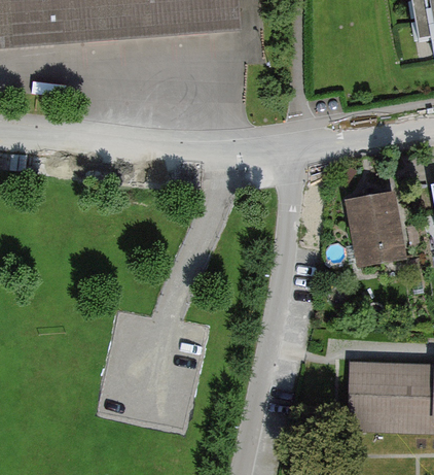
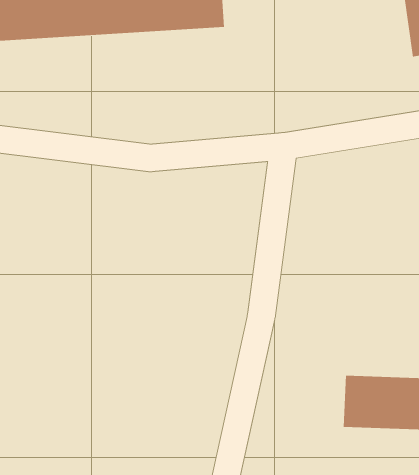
building: [343,193,399,264] -> none

